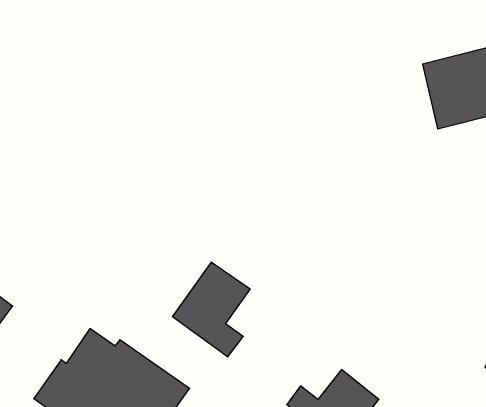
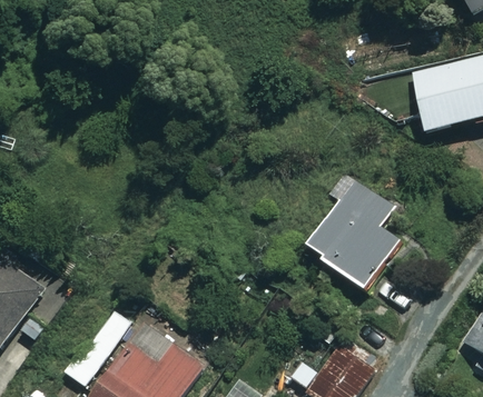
building: none -> [305,178,403,292]
building: [173,262,250,357] -> none

